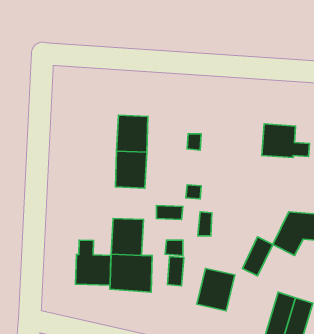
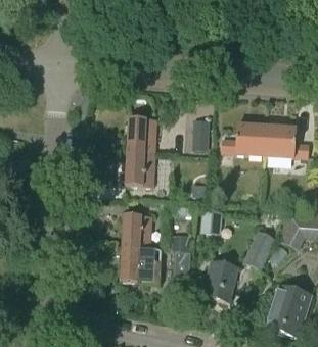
building: none -> [221,123,266,155]
building: [76,240,111,285] -> none

